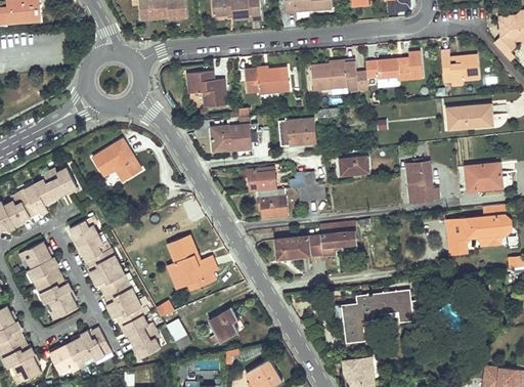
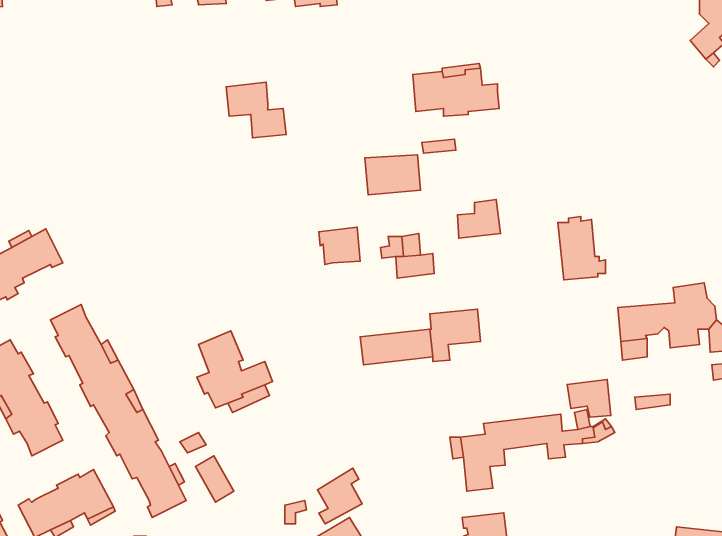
building: [440,50,479,86] -> none
building: [365,51,422,80] -> none
building: [245,68,289,93] -> none
building: [446,104,491,129] -> none
building: [211,117,252,149] -> none
building: [92,139,141,179] -> none
building: [465,163,501,191] -> none
building: [257,188,287,218] -> none
building: none -> [567,380,611,417]
building: [209,307,238,344] -> [317,468,362,524]

